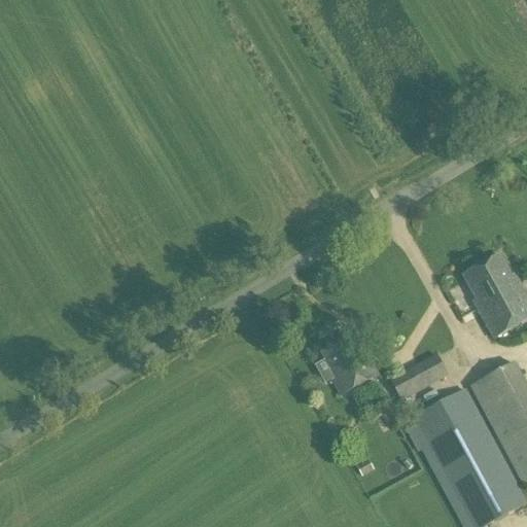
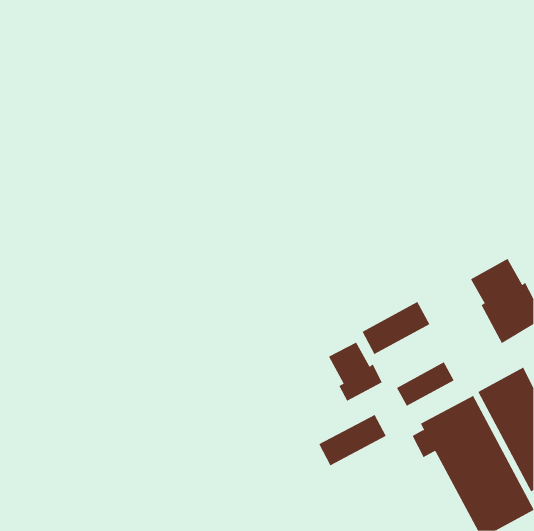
building: none -> [362,301,430,355]
building: none -> [319,414,386,466]

